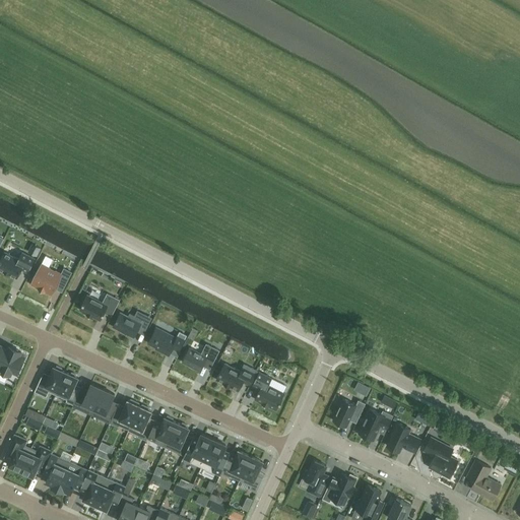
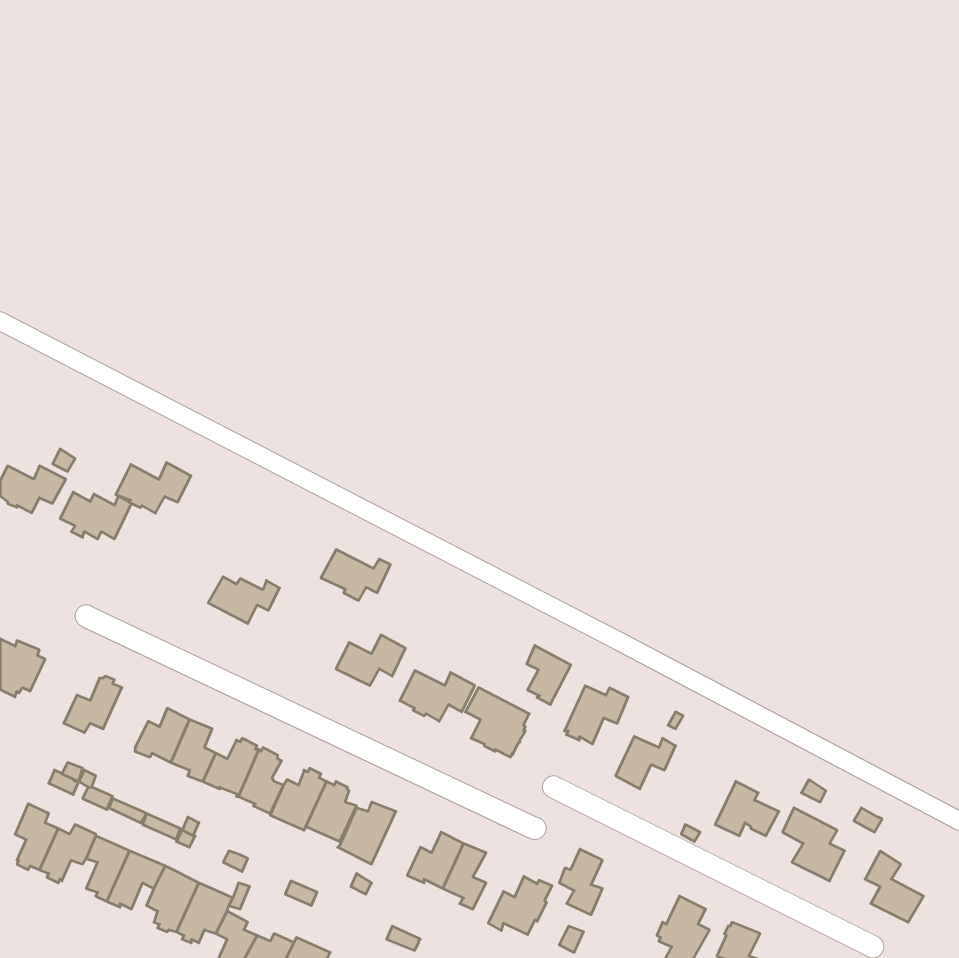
building: [79,294,120,321] -> [116,463,191,513]
building: [148,328,186,355] -> [321,550,390,600]
building: none -> [527,645,571,705]
building: [56,373,80,405] -> none
building: [359,409,393,441] -> [564,686,628,744]
building: [201,440,230,476] -> none
building: [323,473,358,505] -> [488,876,552,935]

